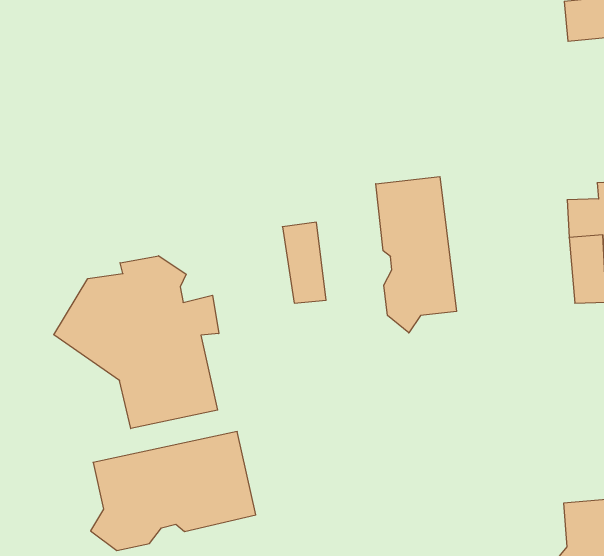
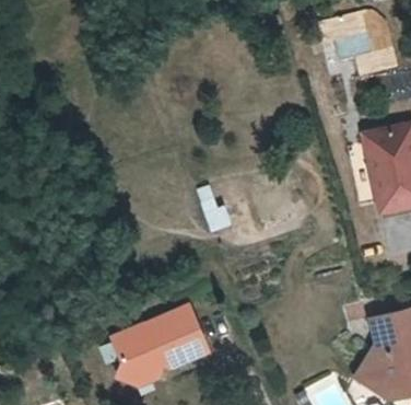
building: [376,177,457,333] -> none
building: [54,256,219,429] -> none

